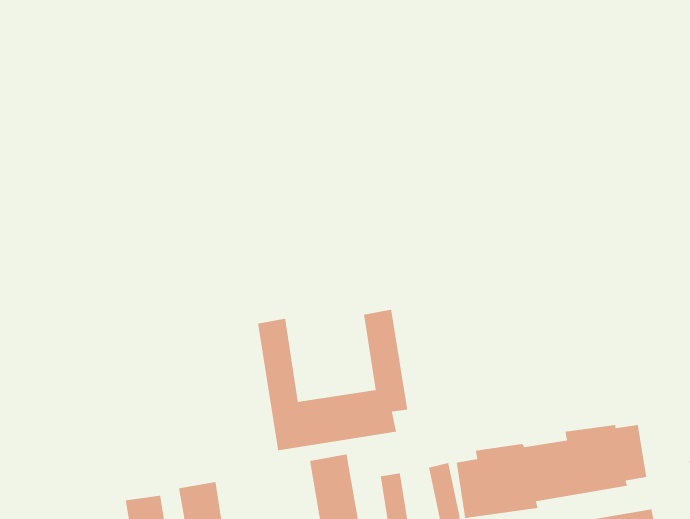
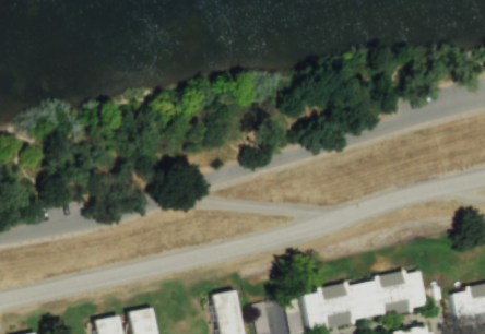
building: [257,309,408,451] -> none

